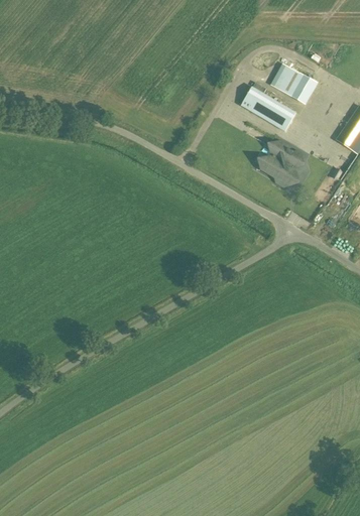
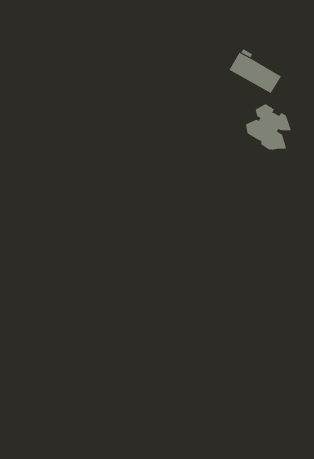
building: [278,67,318,104] -> none

